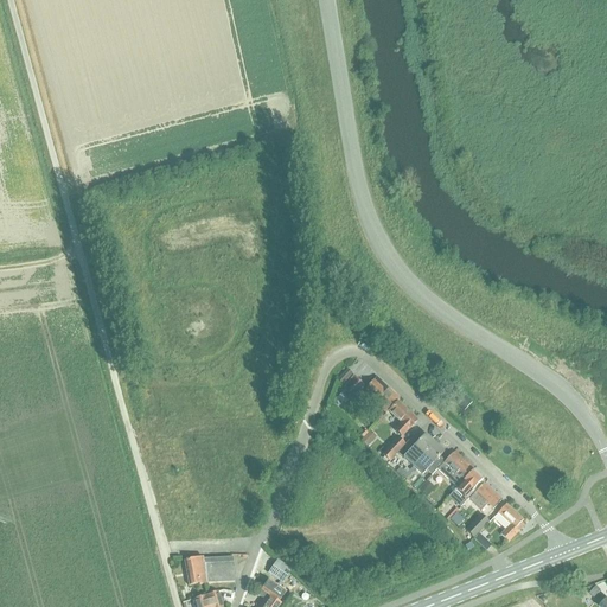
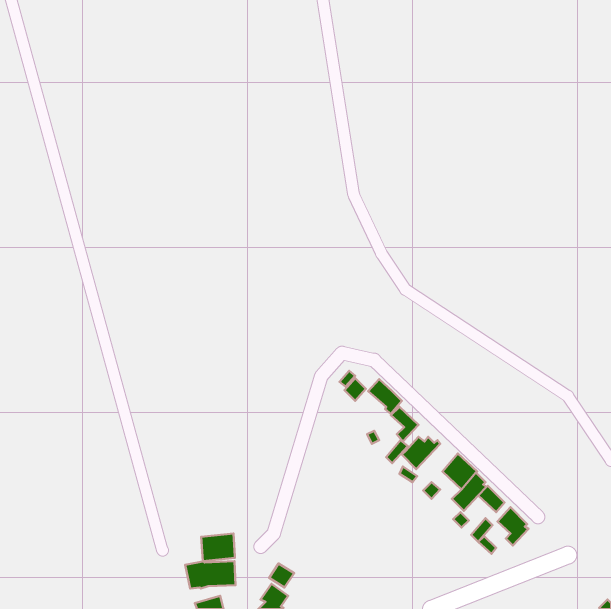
building: [411,440,445,474] -> none
building: none -> [201,534,235,561]

